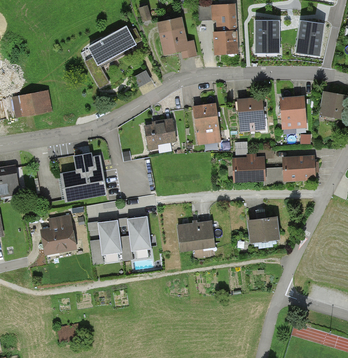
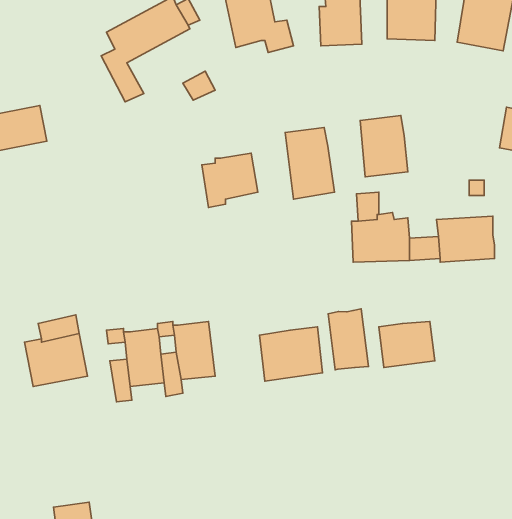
building: [279,96,306,129] -> none
building: [59,153,107,202] -> none
building: none -> [328,309,368,370]

